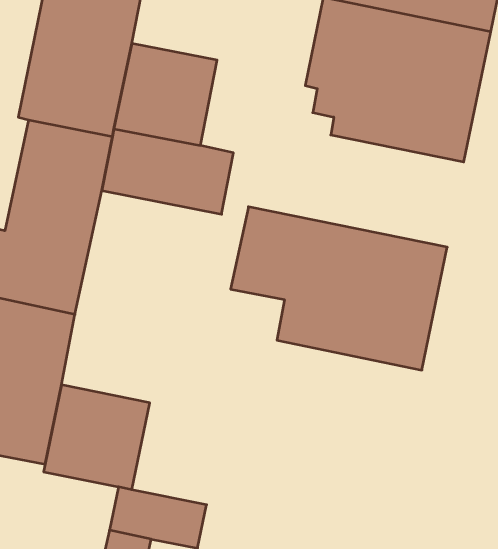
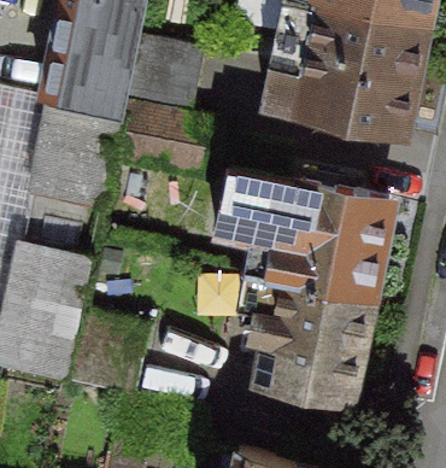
building: none -> [241,279,366,400]

